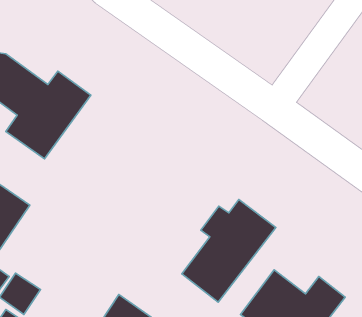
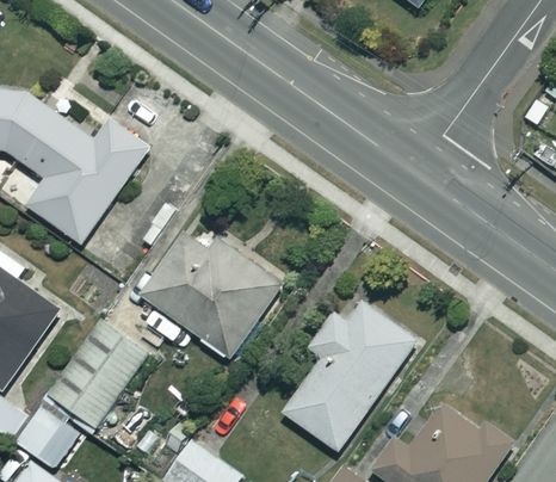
building: none -> [141,221,283,358]
building: none -> [49,316,149,426]

